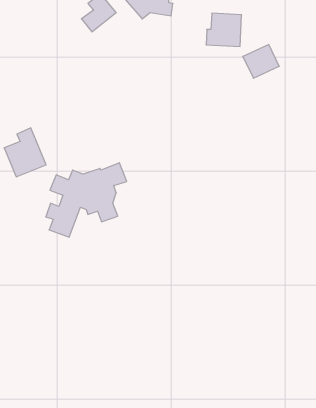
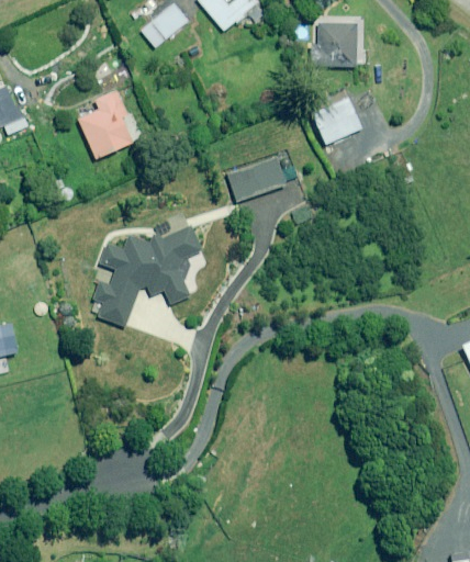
building: [243,44,279,78] -> [312,98,361,144]
building: none -> [227,157,286,201]
building: [4,128,46,177] -> [78,91,135,158]

